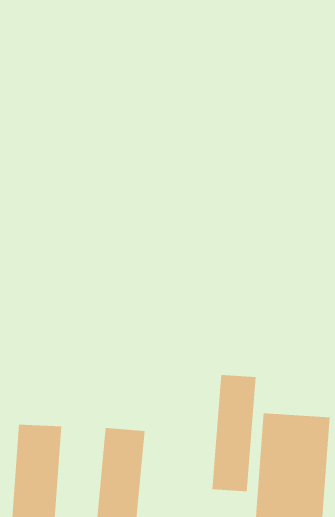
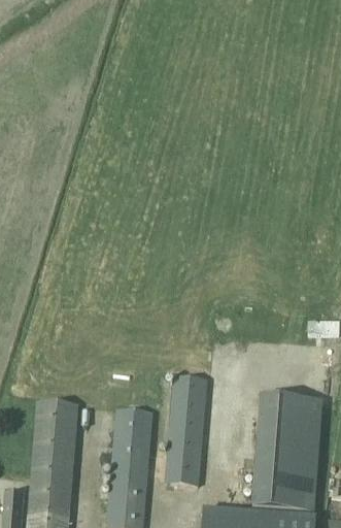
building: [211,375,256,492] -> [165,383,206,490]

